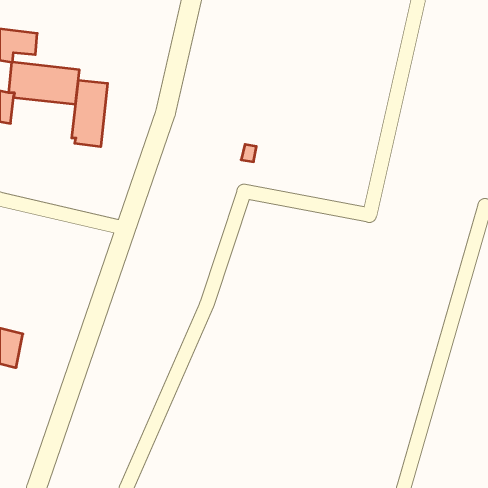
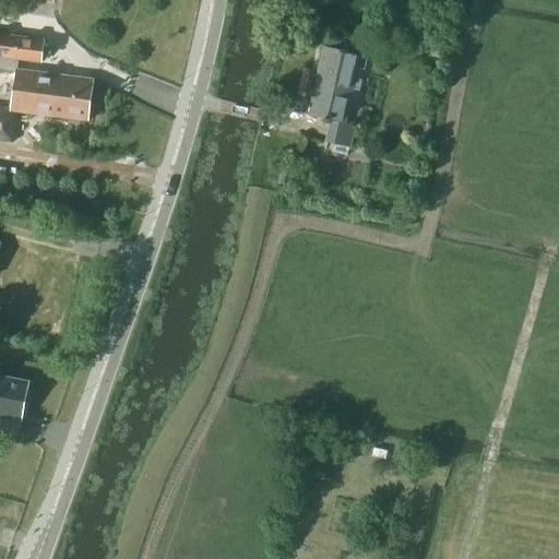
building: none -> [307,46,359,155]
building: [72,80,108,147] -> none

